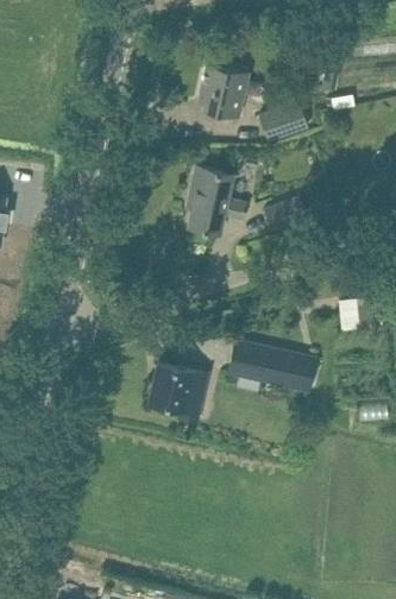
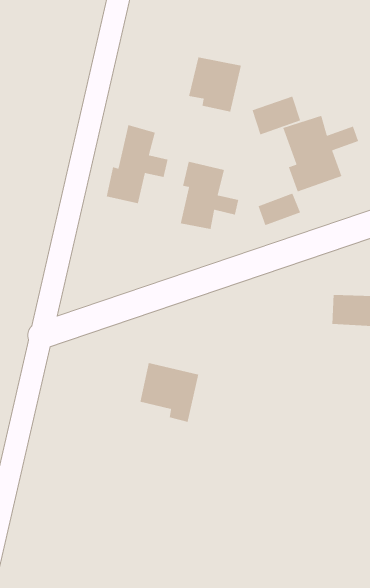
building: none -> [282,115,359,193]
building: none -> [106,124,169,204]
building: [228,341,315,392] -> none

